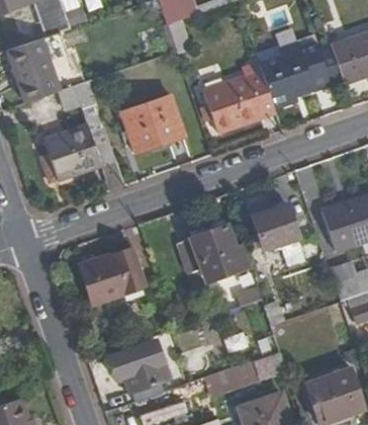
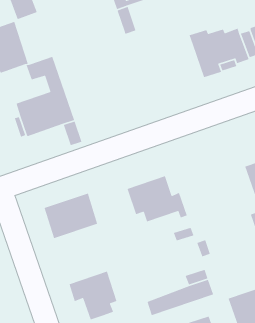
building: [205,65,275,131] -> none
building: [121,94,185,152] -> none
building: [254,199,315,250] -> none

